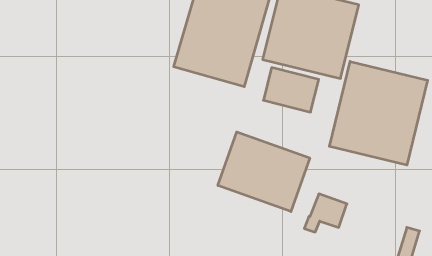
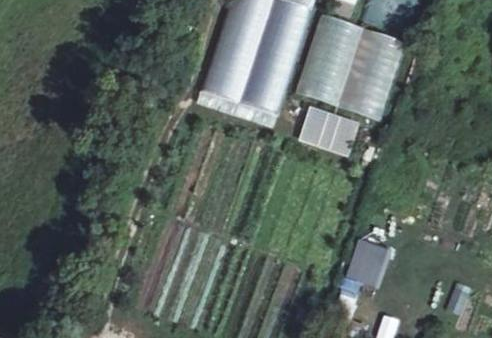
building: [329,61,428,165] -> none
building: [218,132,310,212] -> none

